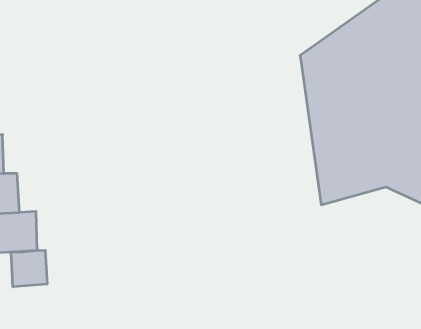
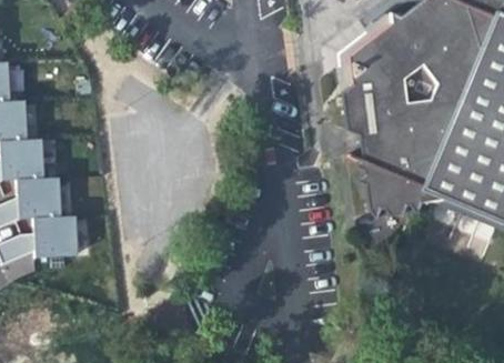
building: [11,250,47,287] -> none

